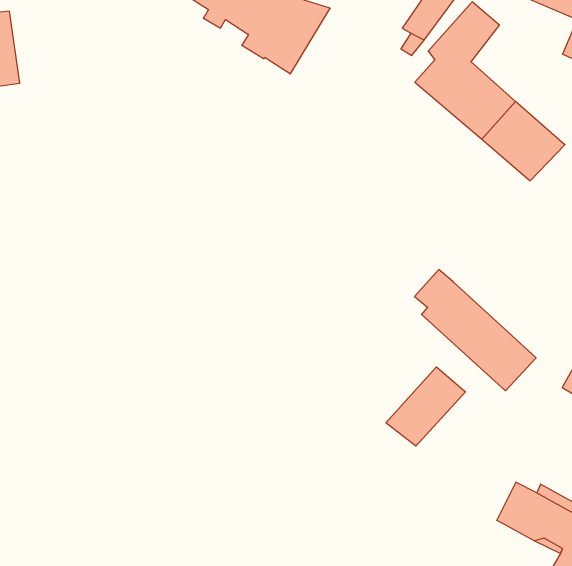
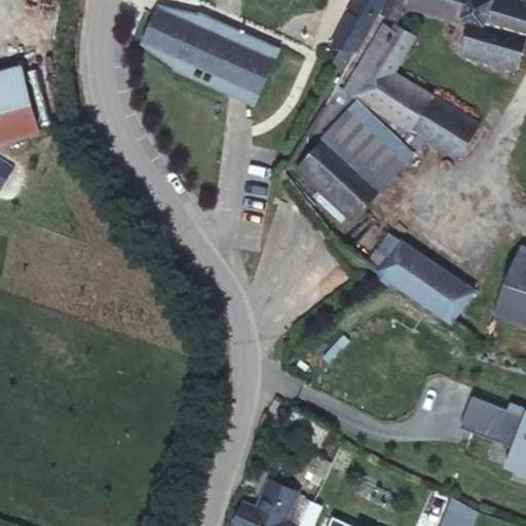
building: none -> [297,105,415,225]
building: [386,367,465,446] -> none

